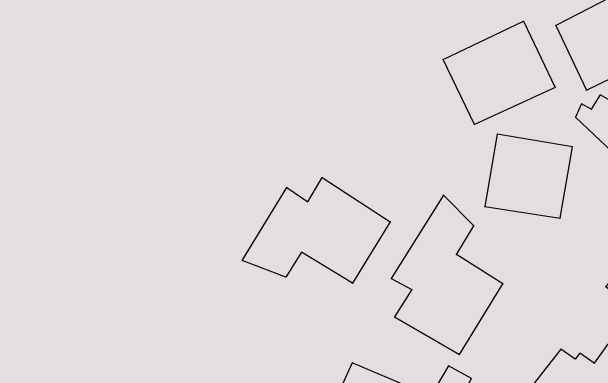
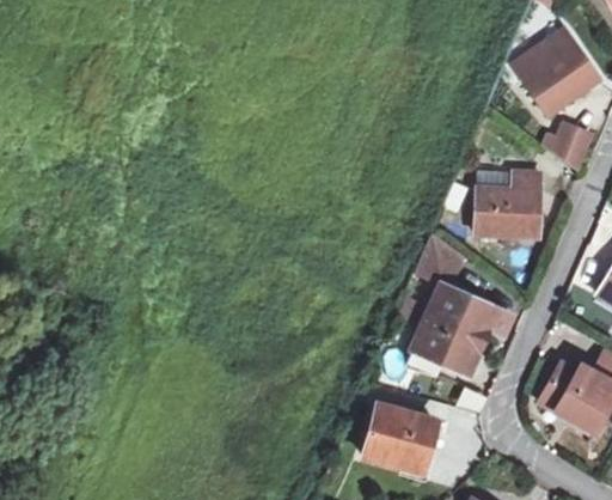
building: [443,21,555,124] -> none
building: [242,178,390,283] -> none

